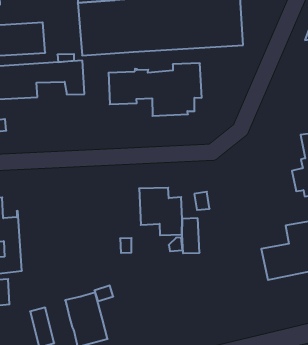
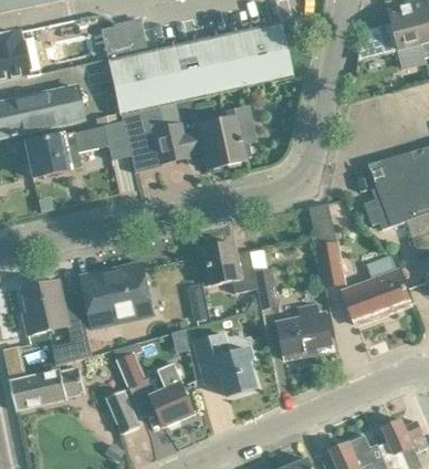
building: none -> [121,102,179,171]
building: none -> [308,201,344,288]
building: none -> [80,264,154,330]
building: none -> [278,305,333,358]
building: none -> [112,342,157,416]
building: none -> [193,334,257,395]

